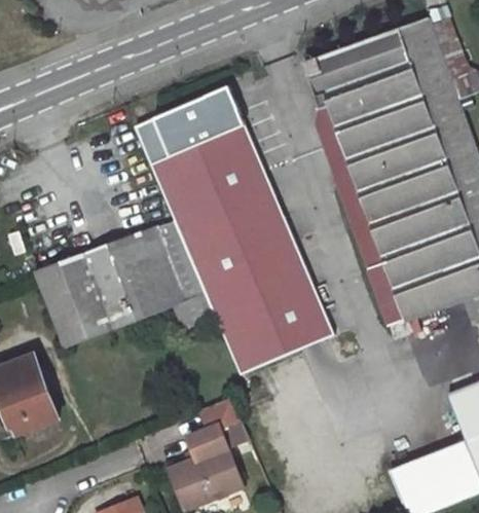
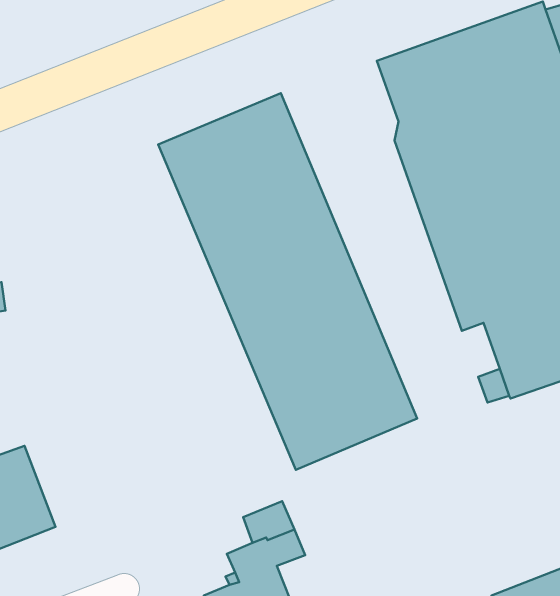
building: [36,221,215,345] -> none

